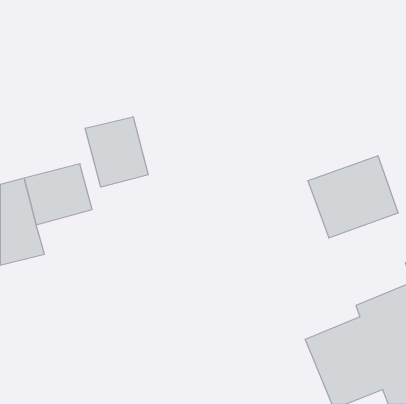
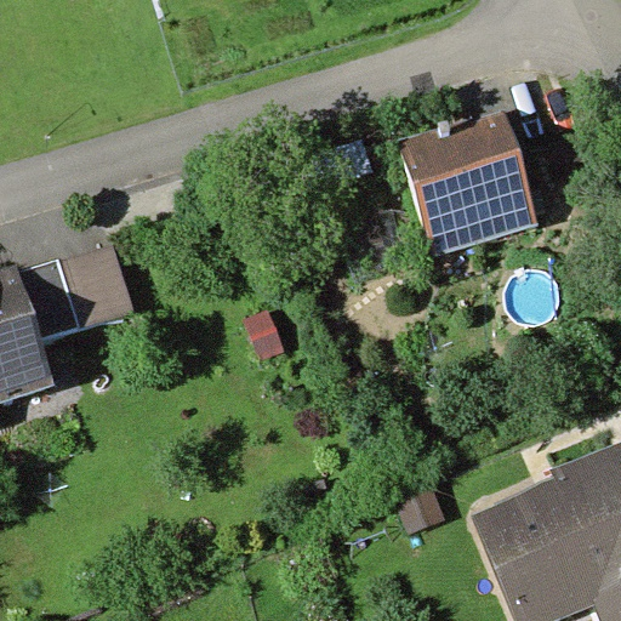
building: [85,117,148,187] -> none
building: [308,156,398,238] -> [397,127,532,251]

